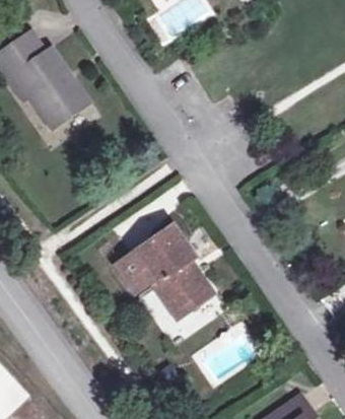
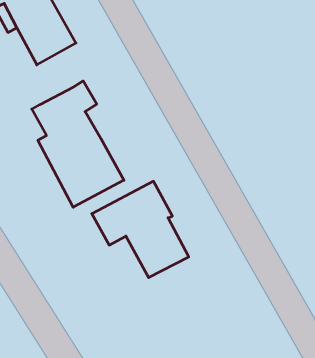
building: none -> [32,81,124,207]

